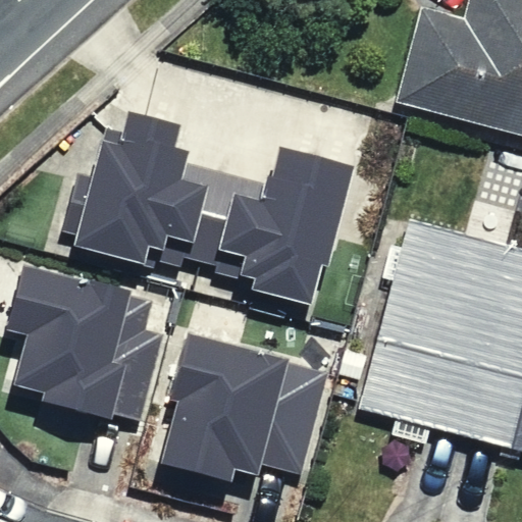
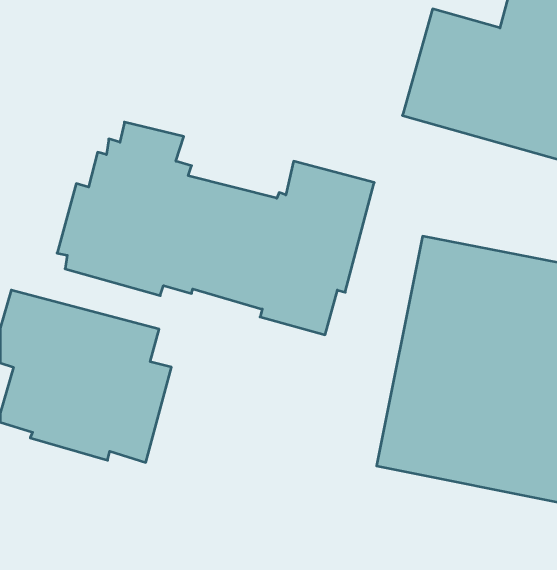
building: [159,332,334,483] -> none

